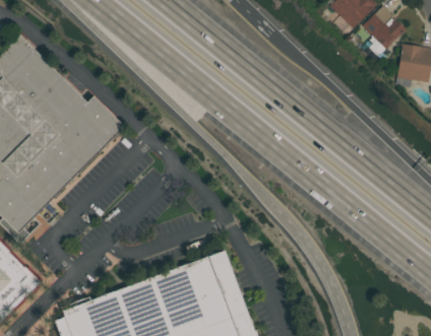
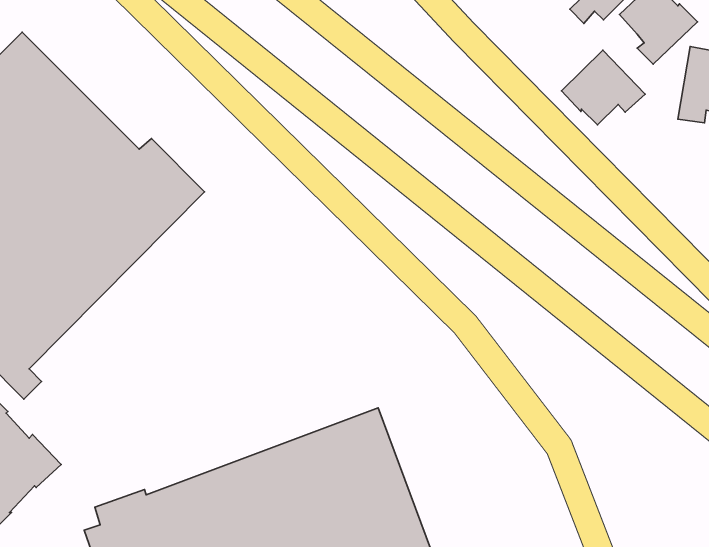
building: none -> [562,50,645,125]

